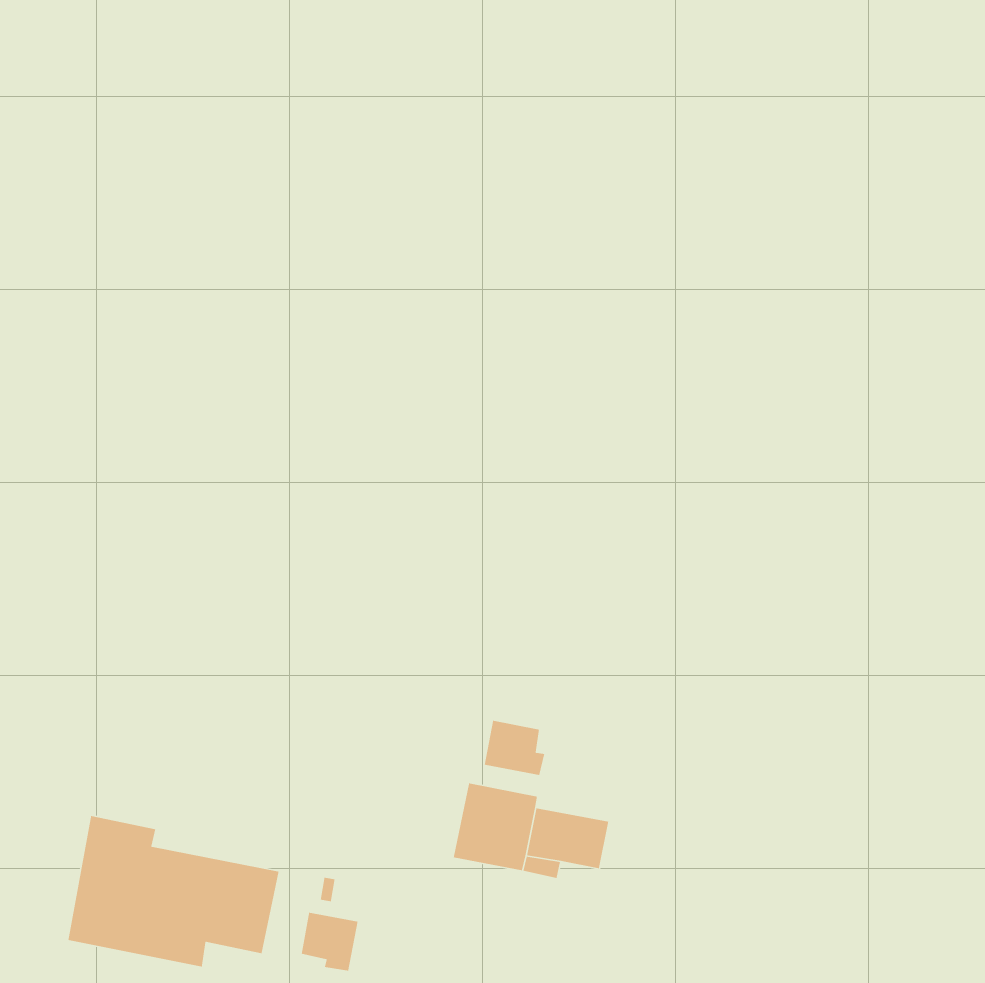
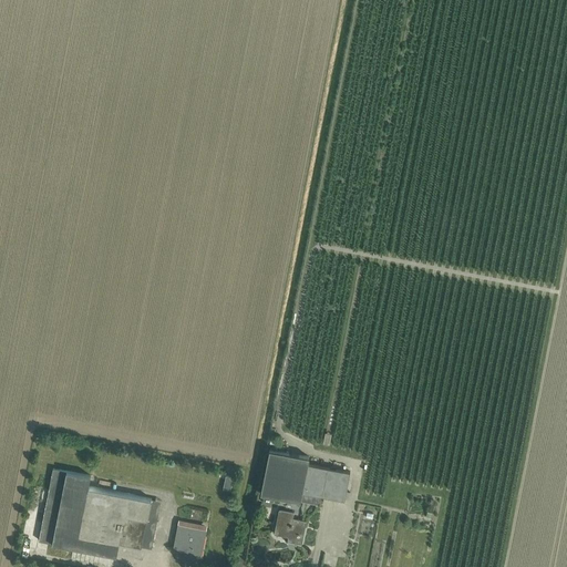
building: [484,720,545,776] -> none
building: none -> [274,511,307,545]

